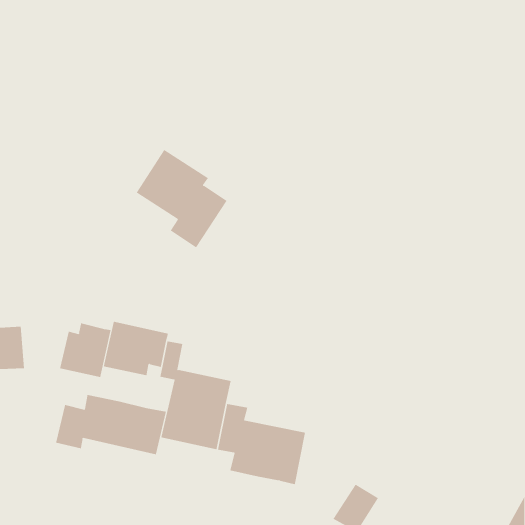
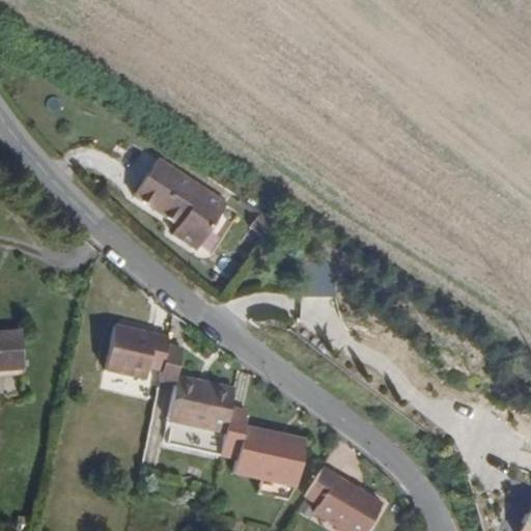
building: [60,323,111,378] -> none
building: [55,394,167,455] -> none
building: none -> [307,467,358,524]

